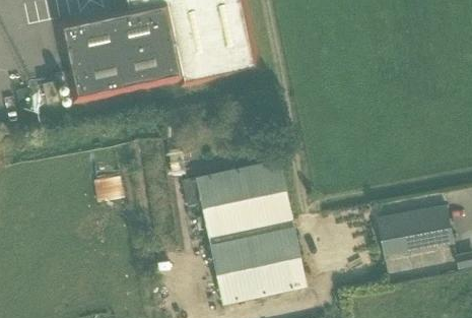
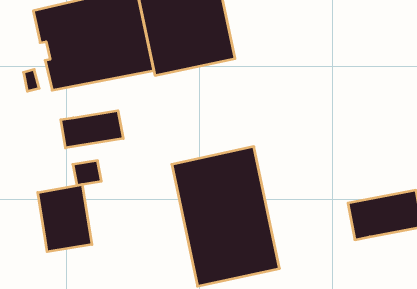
building: none -> [61,111,123,148]
building: none -> [38,184,92,252]

